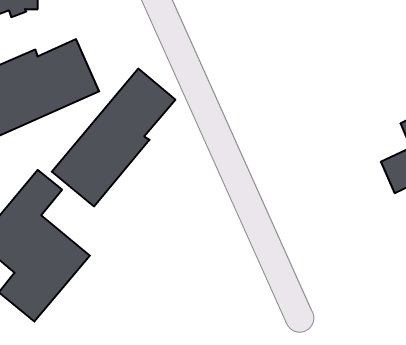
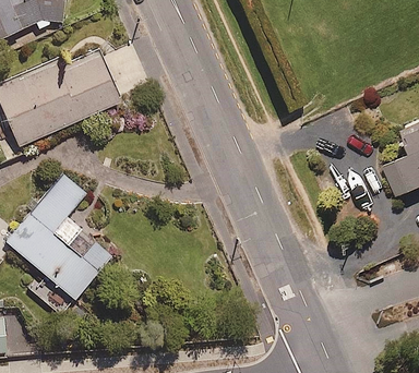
building: [52,69,175,206] -> none

